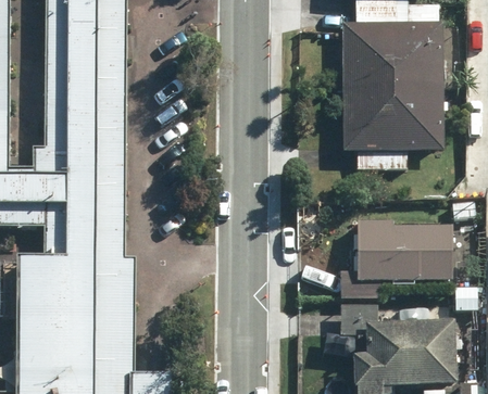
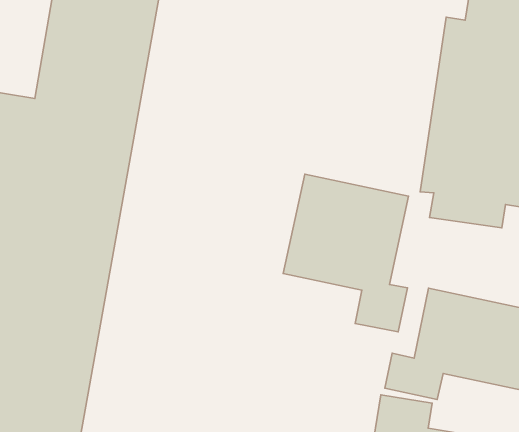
building: none -> [283,174,409,332]

